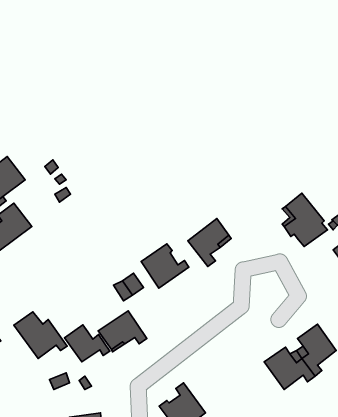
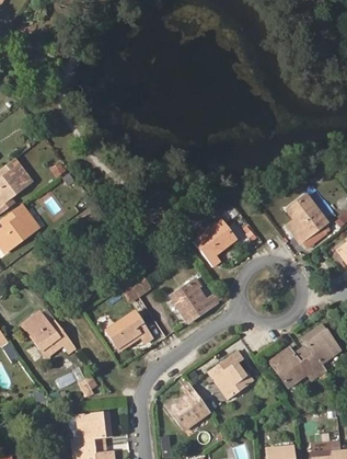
building: [141,244,189,288] -> [170,279,217,323]
building: [64,325,110,362] -> none
building: none -> [207,352,252,399]

